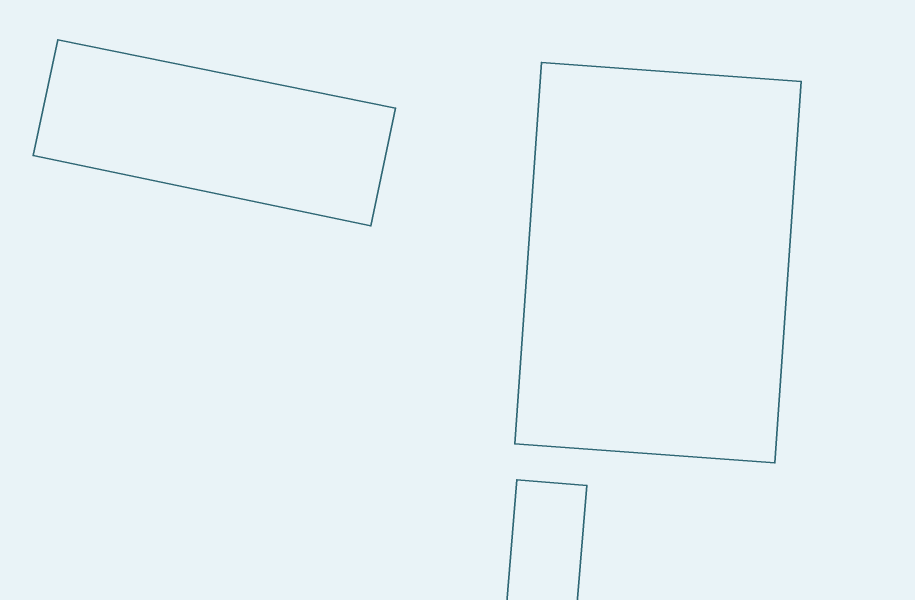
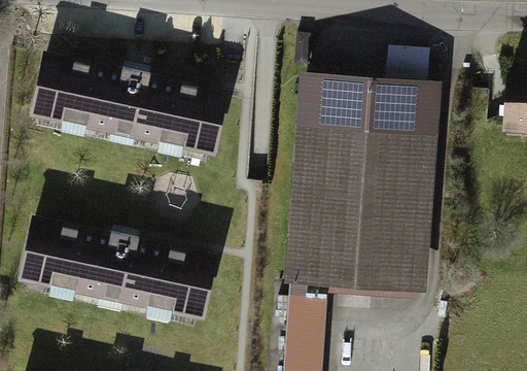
building: none -> [17,222,213,319]

